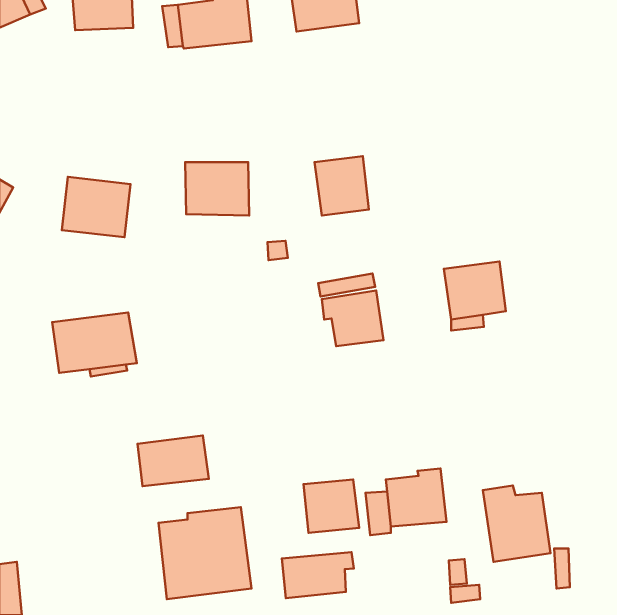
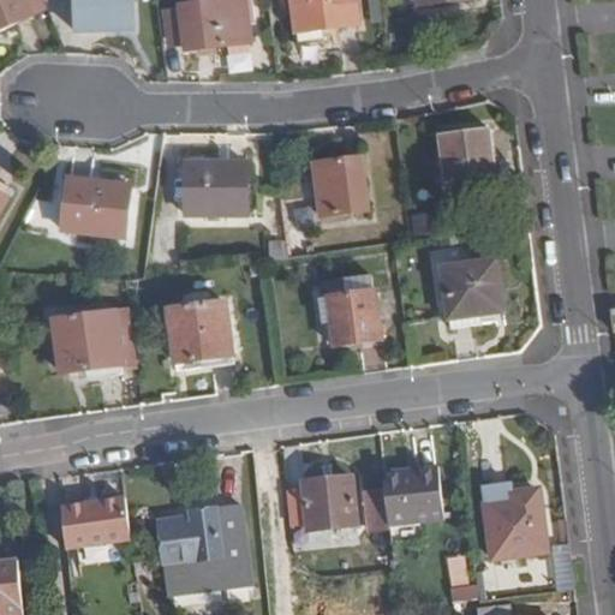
building: none -> [440,127,495,192]
building: none -> [167,300,232,360]
building: [137,435,209,486] -> [62,496,133,547]
building: [282,552,354,598] -> none

